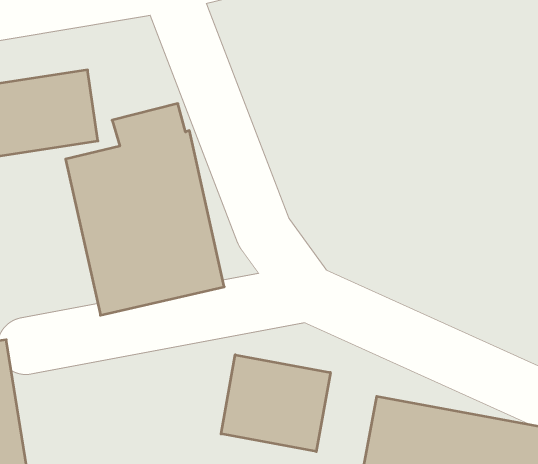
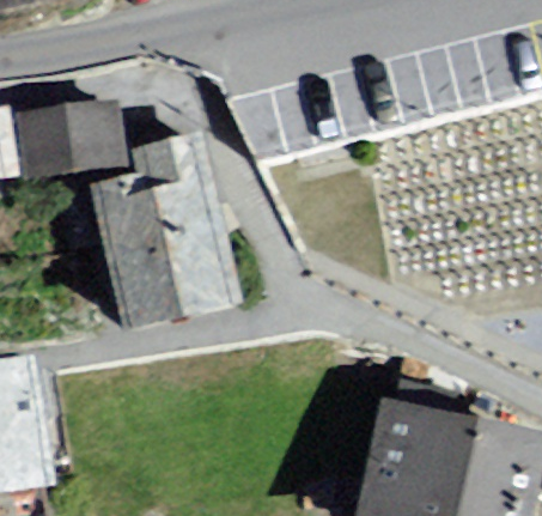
building: [221,355,330,452] -> none

